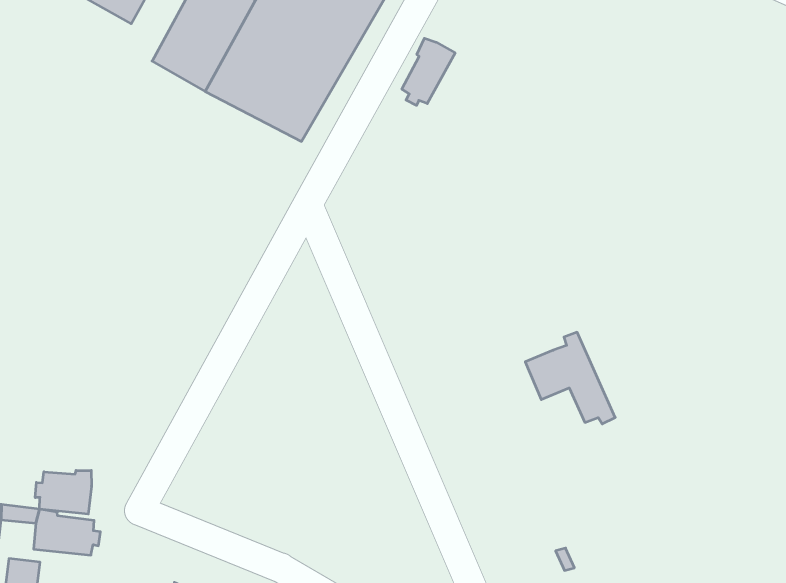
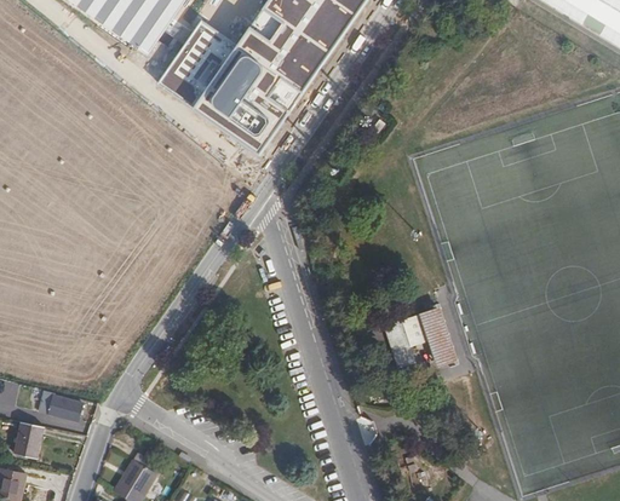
building: [402,38,455,105] -> none
building: [35,470,91,514] -> none

